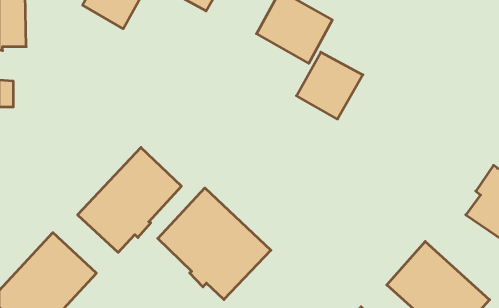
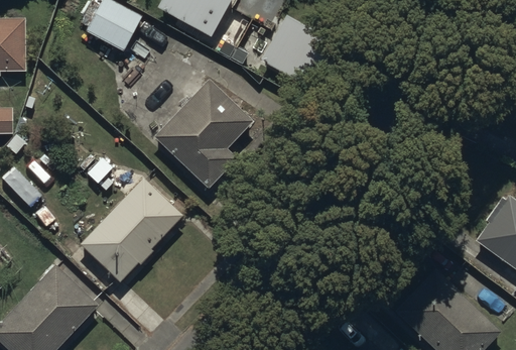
building: [296,52,363,119] -> none
building: none -> [155,79,255,190]
building: [158,188,271,300] -> none

